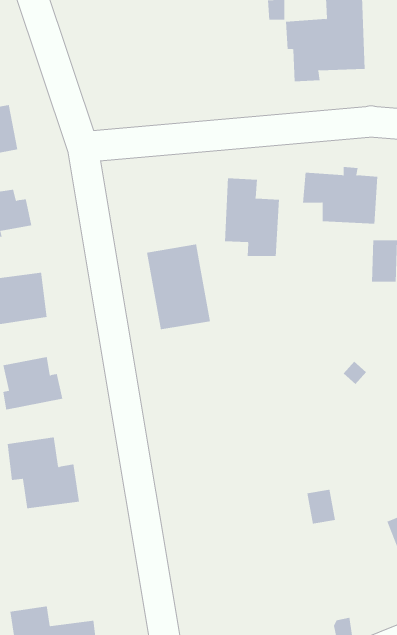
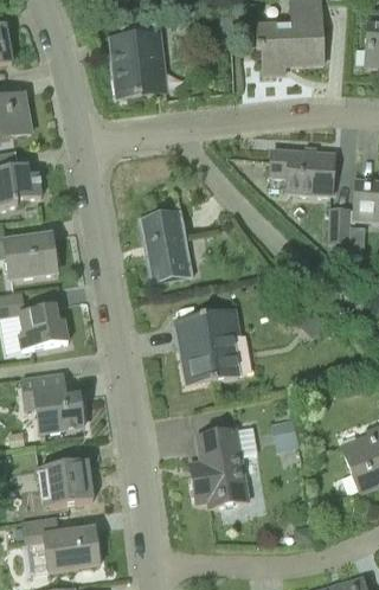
building: none -> [113,32,167,97]
building: [224,177,279,257] -> none
building: none -> [176,308,239,381]
building: none -> [192,427,257,507]
building: none -> [38,462,94,507]

